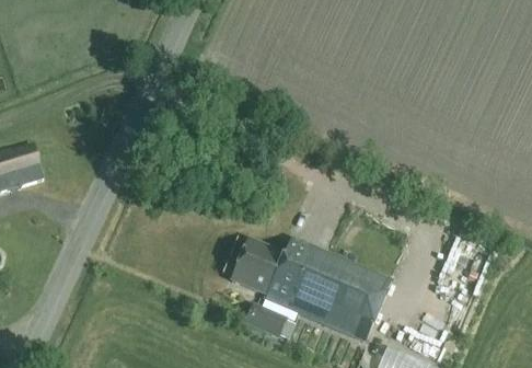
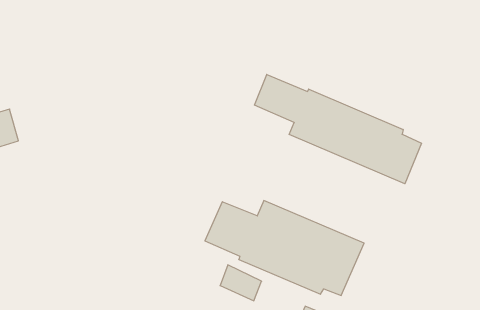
building: none -> [255,74,422,184]

